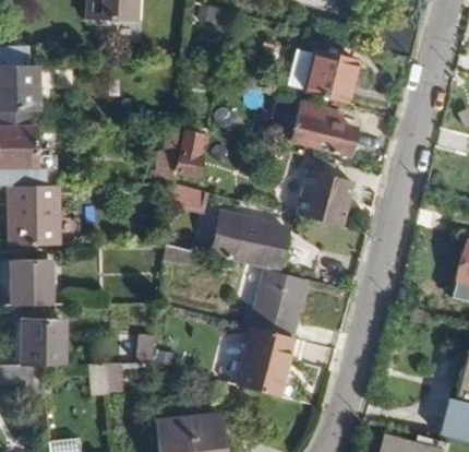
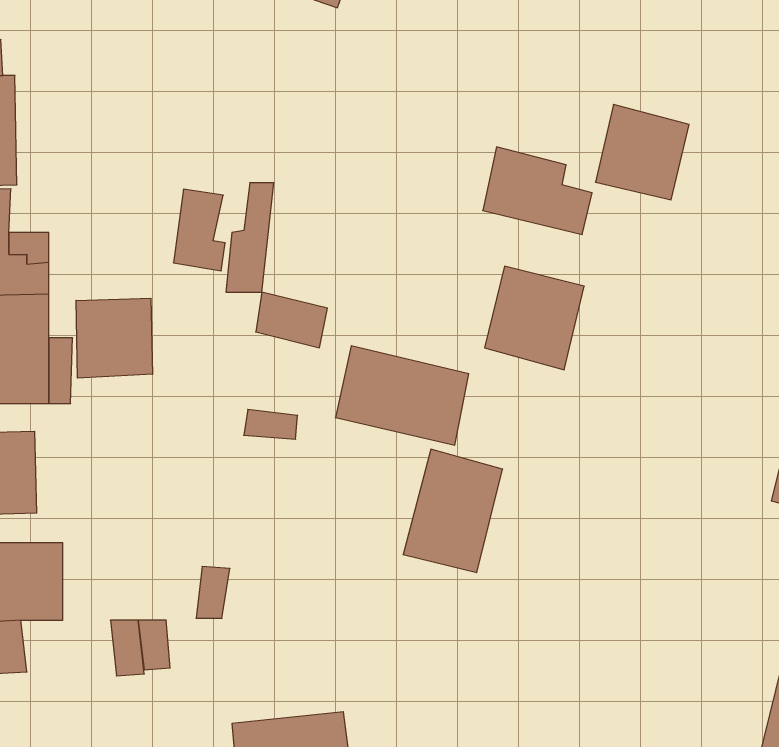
building: [306,49,358,102] -> [595,104,689,200]
building: [179,130,207,175] -> [173,189,225,271]
building: none -> [76,298,153,378]
building: [237,326,294,395] -> none

